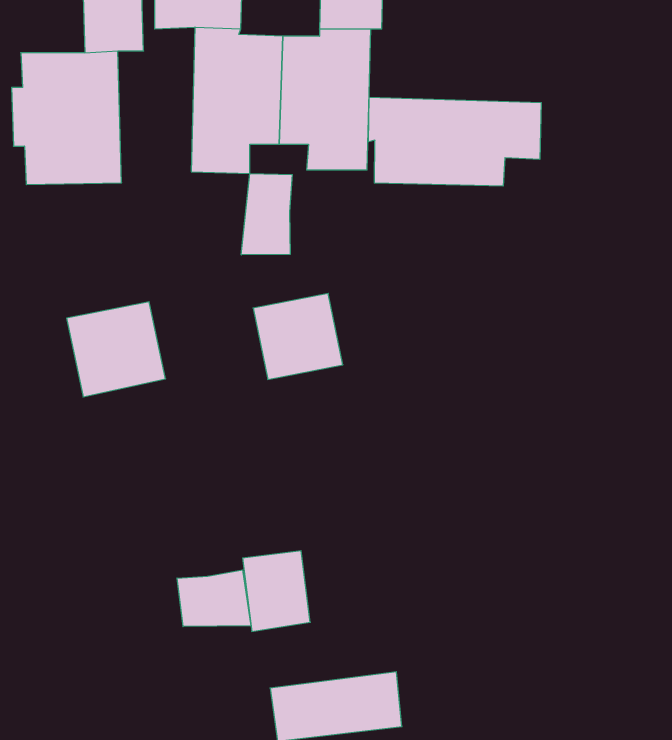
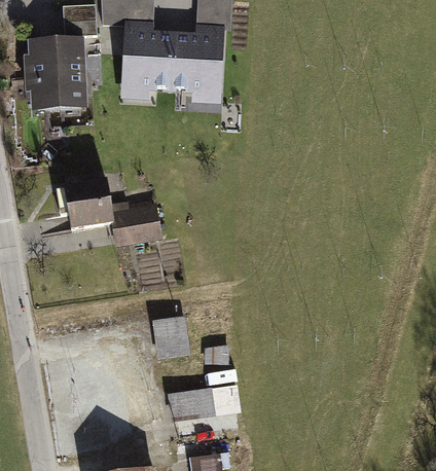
building: [368,97,541,186] -> none
building: [241,174,292,255] -> none
building: [253,293,343,379] -> [111,203,161,251]
building: [177,570,251,627] -> none

